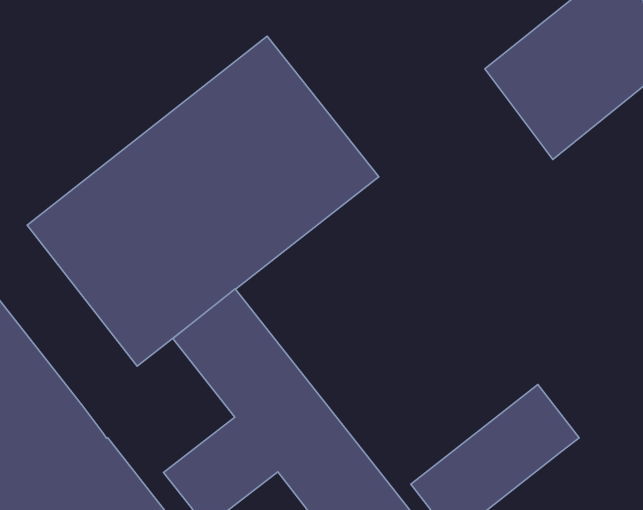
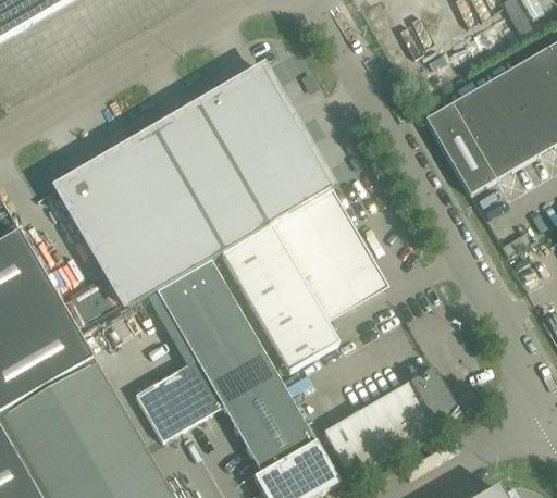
building: none -> [222,189,386,370]

